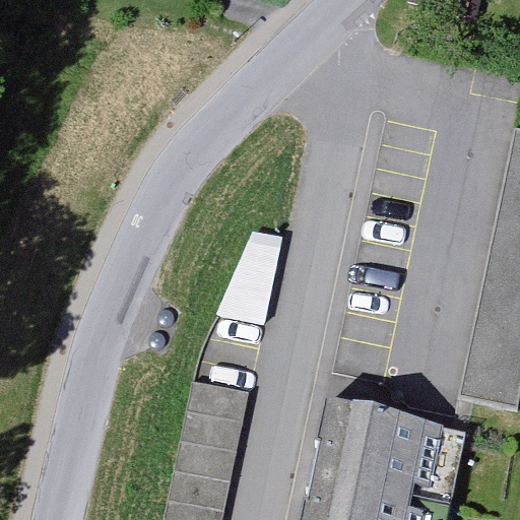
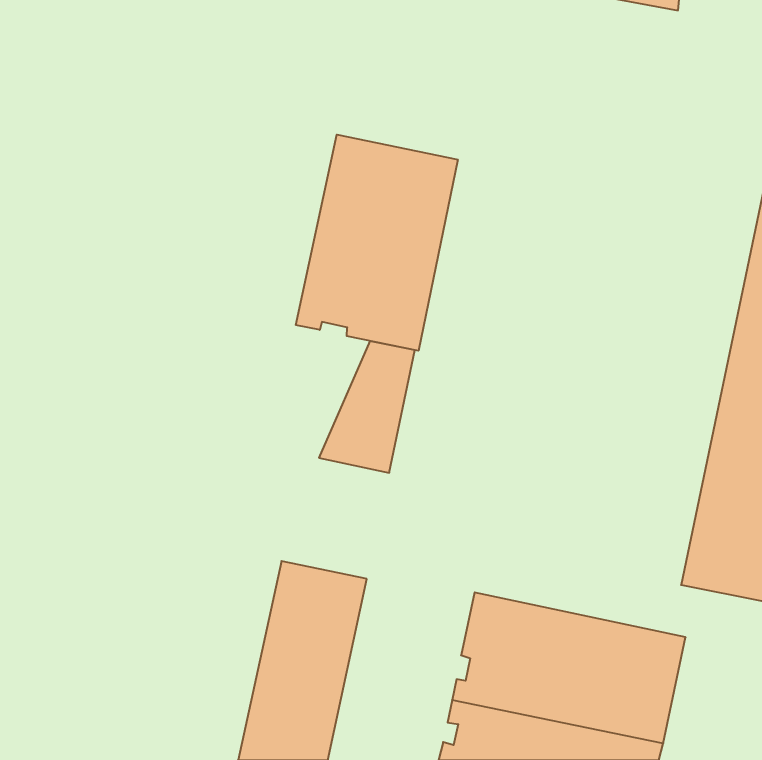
building: none -> [296,135,458,351]

